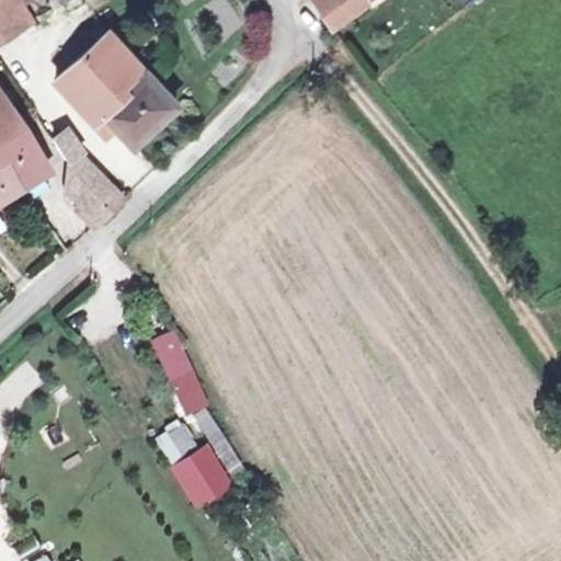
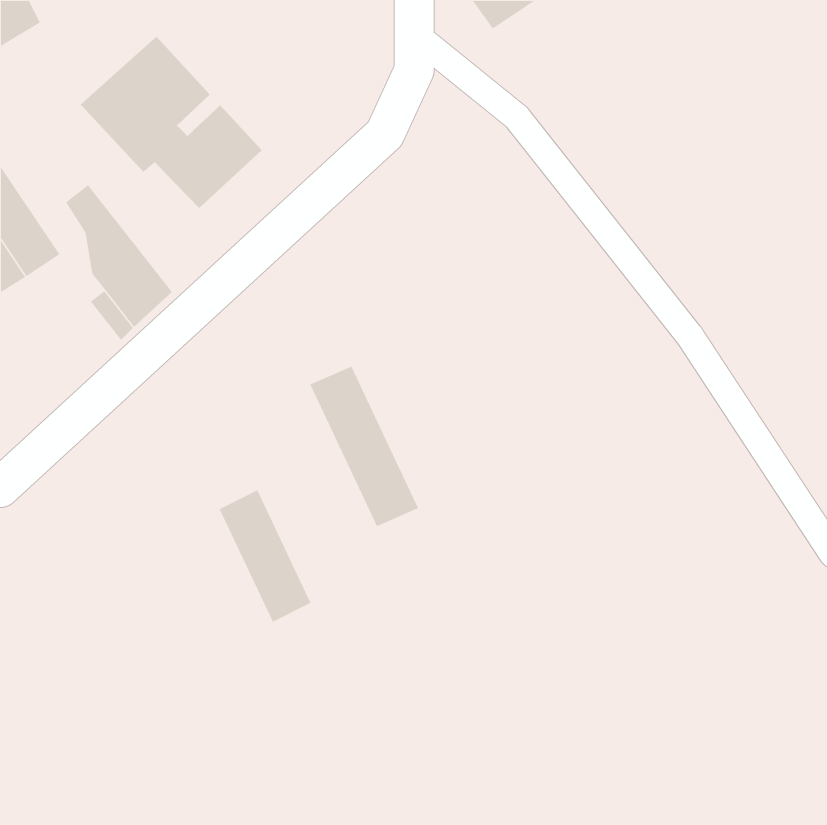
building: none -> [309,365,419,527]
building: [160,427,222,507] -> none

